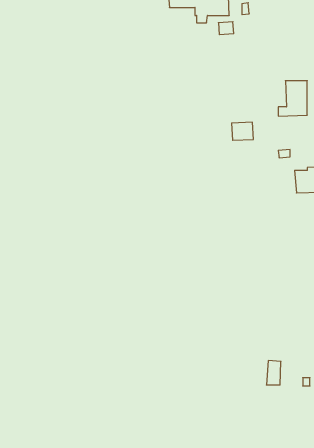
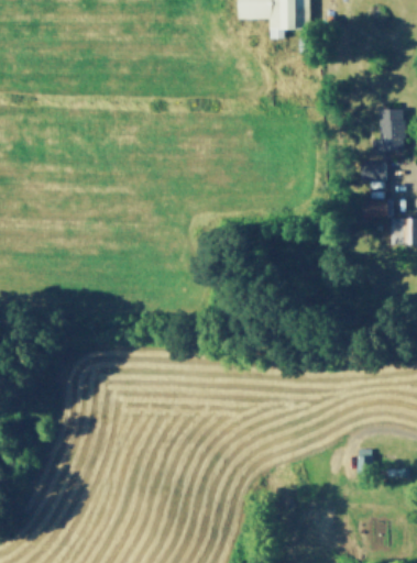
building: [232,122,253,140] -> [360,159,386,181]
building: none -> [365,202,391,221]

